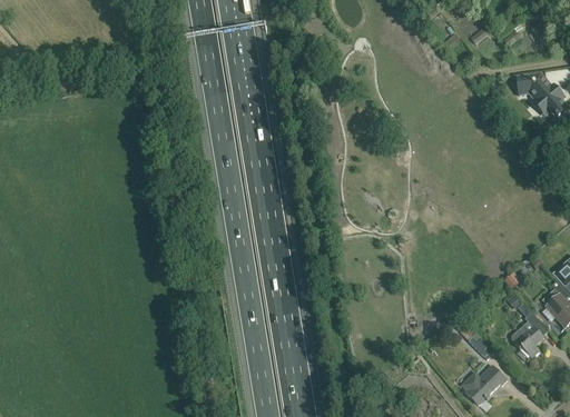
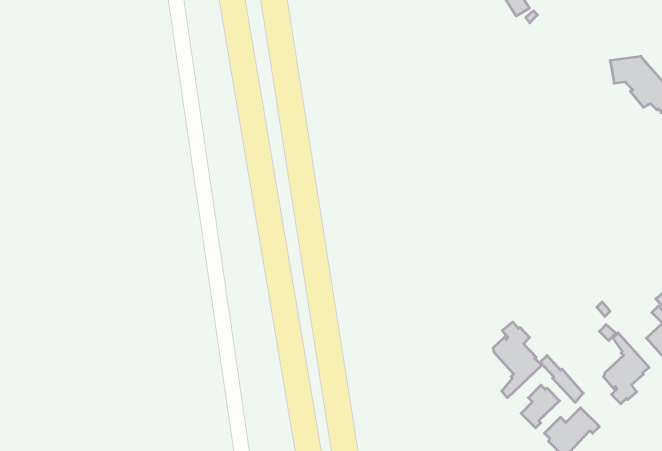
building: none -> [493,322,542,398]
building: none -> [521,385,560,428]

